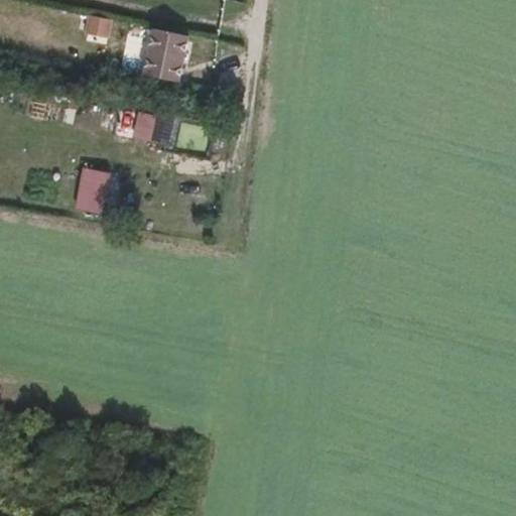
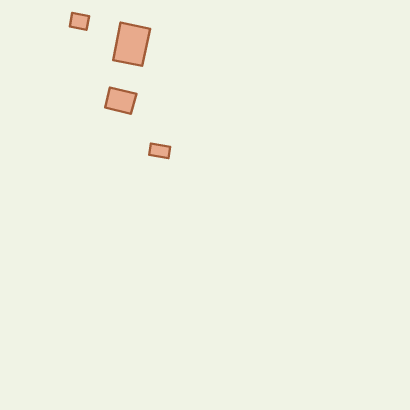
building: [75,169,107,213] -> none

